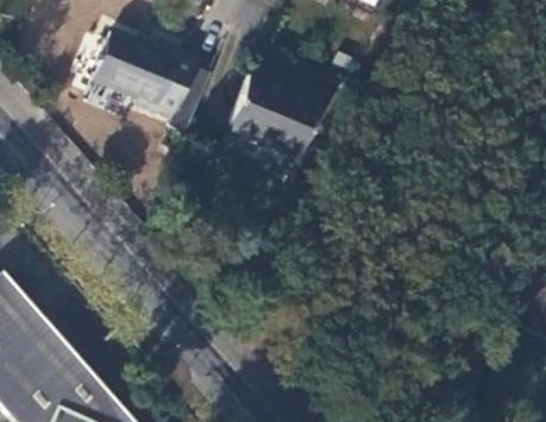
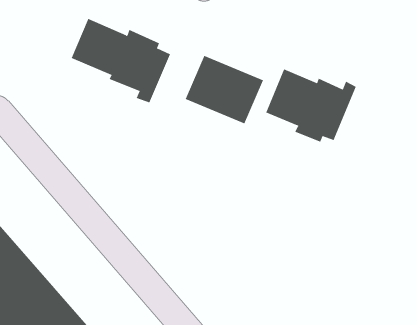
building: none -> [265,69,357,142]

